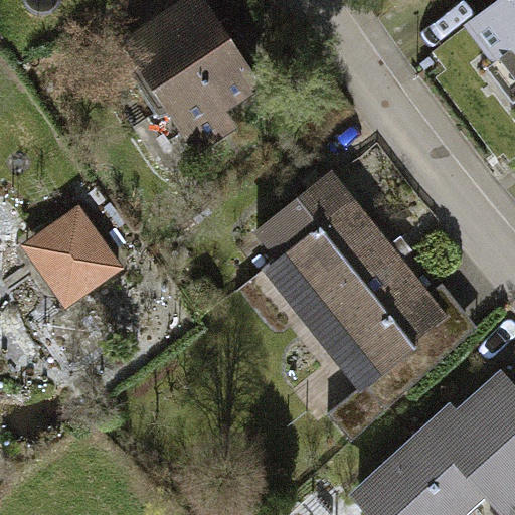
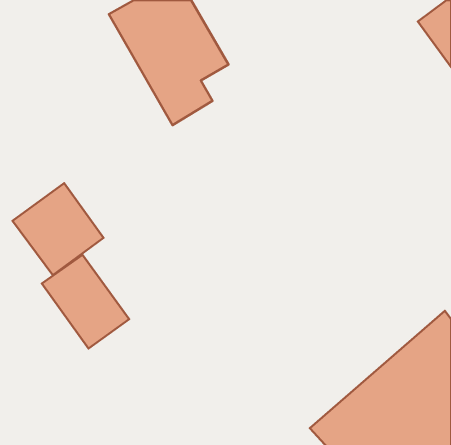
building: [256,169,452,380] -> none
building: none -> [42,255,129,349]

